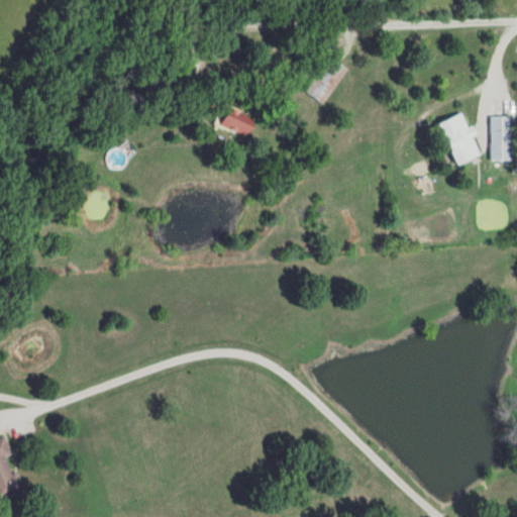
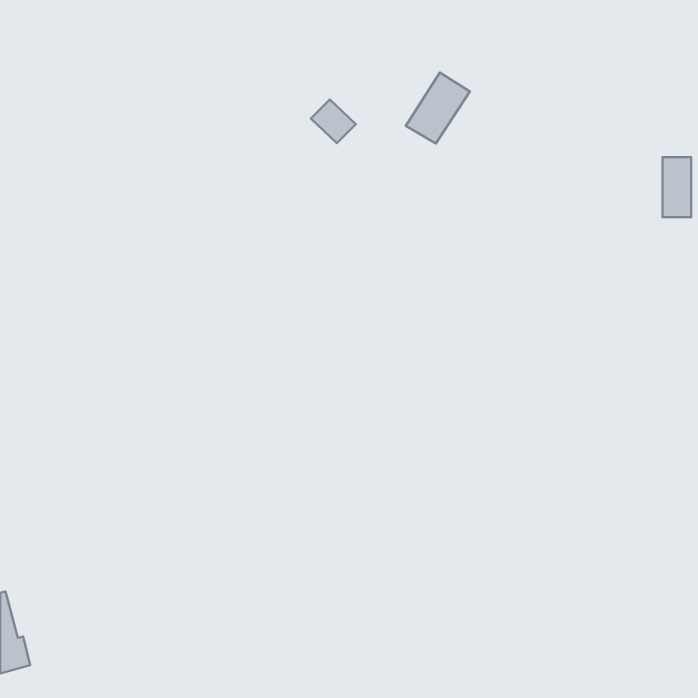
building: [220,108,253,140] -> [311,99,356,143]
building: [439,113,482,166] -> none

